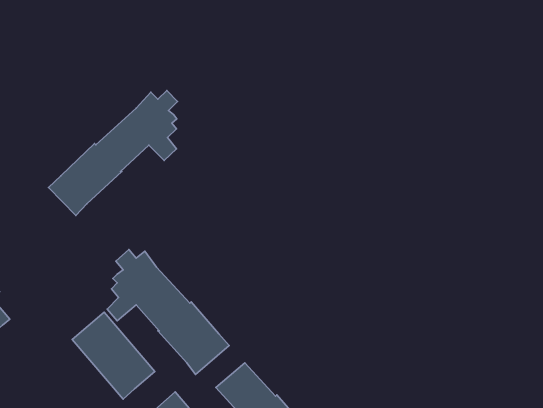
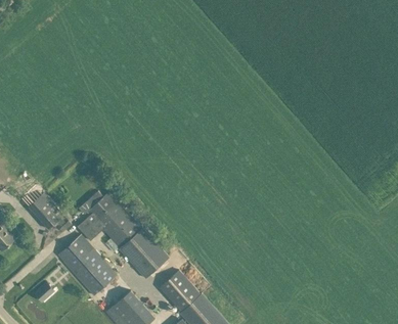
building: [49,90,178,215] -> none
building: none -> [28,192,64,229]

